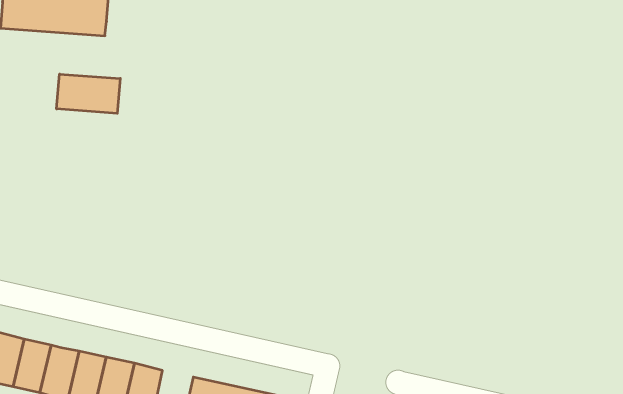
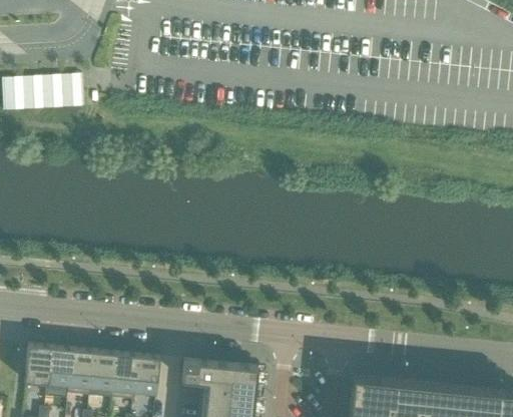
building: [57,74,120,113] -> none

